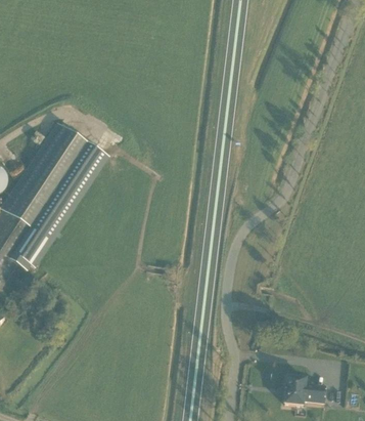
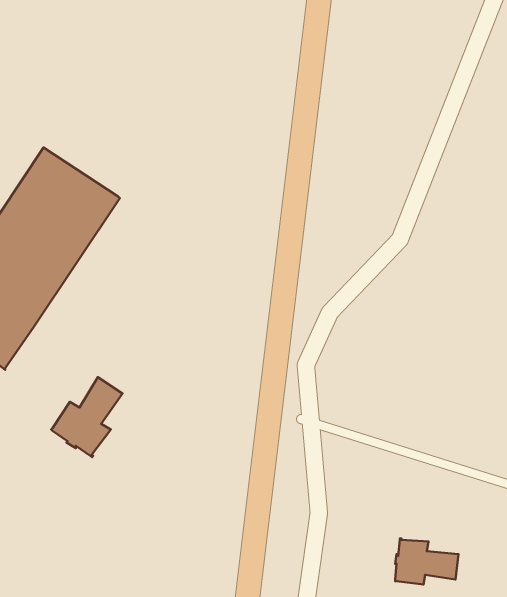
building: none -> [51,377,122,457]

